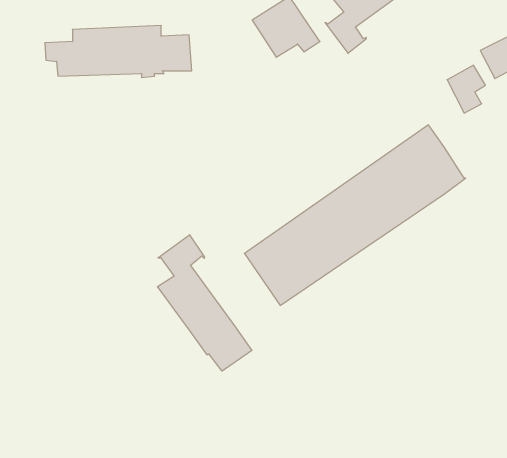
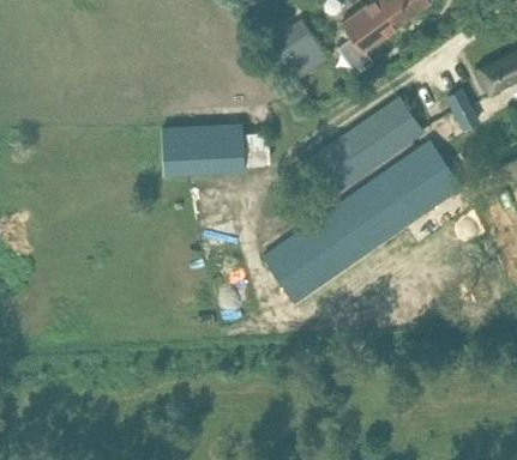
building: [45,26,192,77] -> [137,126,270,173]
building: none -> [308,99,422,195]
building: [158,235,252,371] -> none

